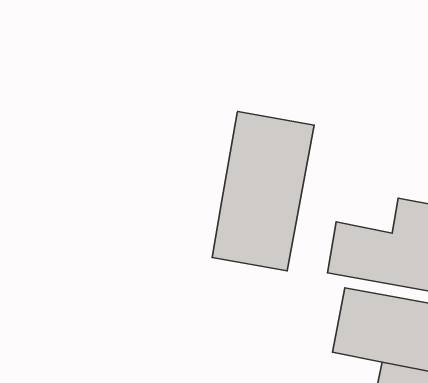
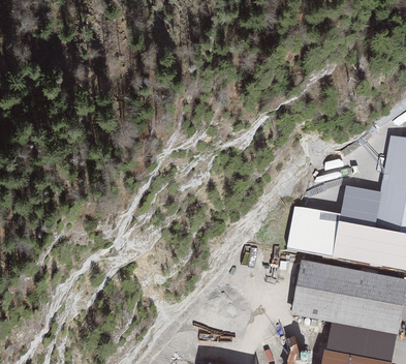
building: [212,111,314,271] -> none

